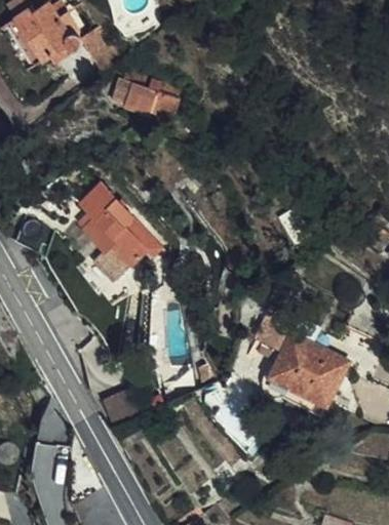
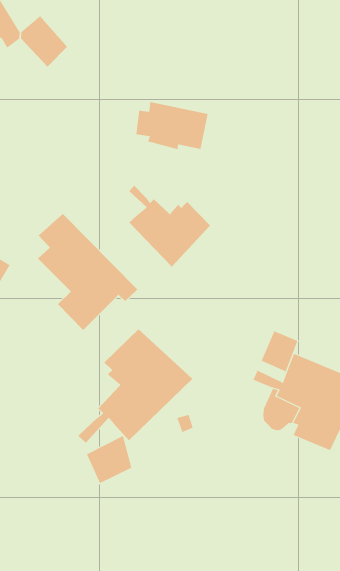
building: [118,73,183,119] -> [136,102,209,150]
building: none -> [128,185,211,267]
building: none -> [78,329,193,443]

